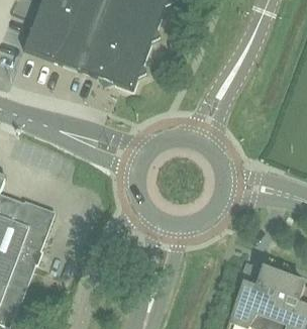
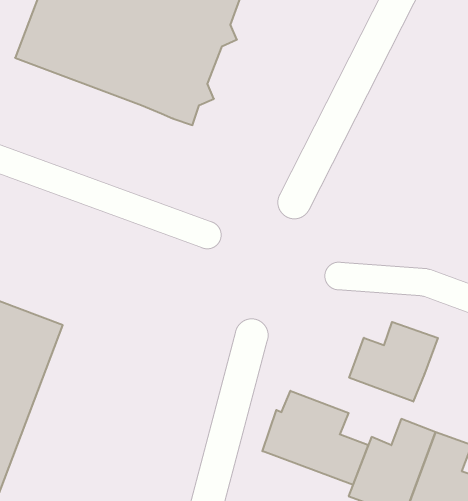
building: none -> [349,322,438,402]
building: none -> [262,391,368,485]

